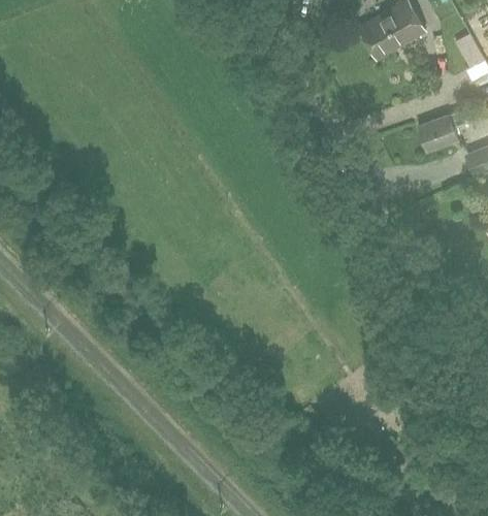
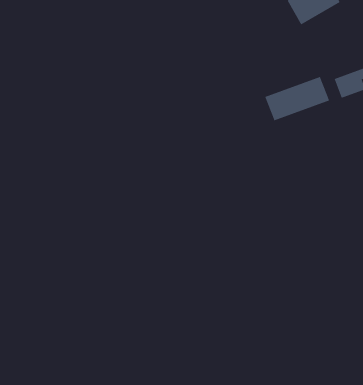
building: none -> [265,76,330,121]

